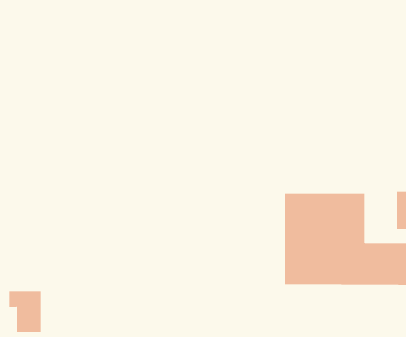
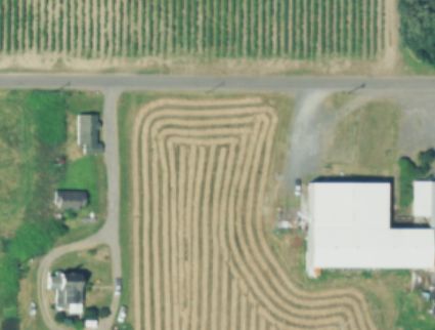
building: none -> [81,115,99,151]
building: none -> [58,191,87,209]

